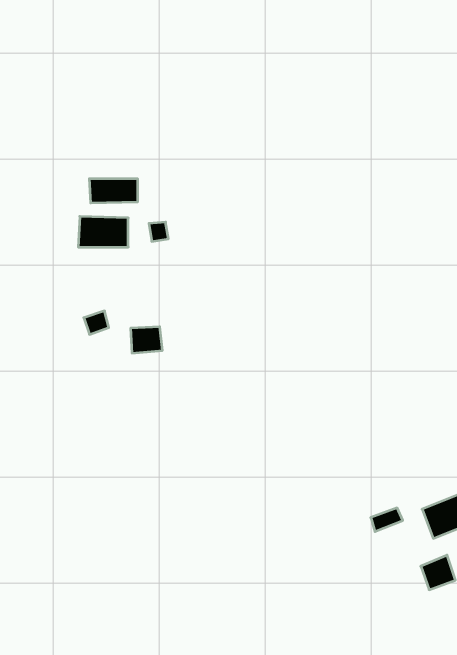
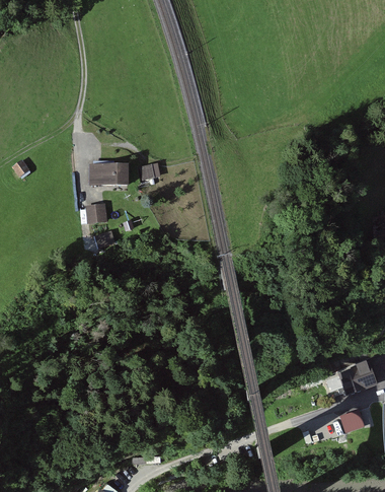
building: [89,179,137,203] -> none
building: [131,327,162,353] -> [83,203,106,222]

